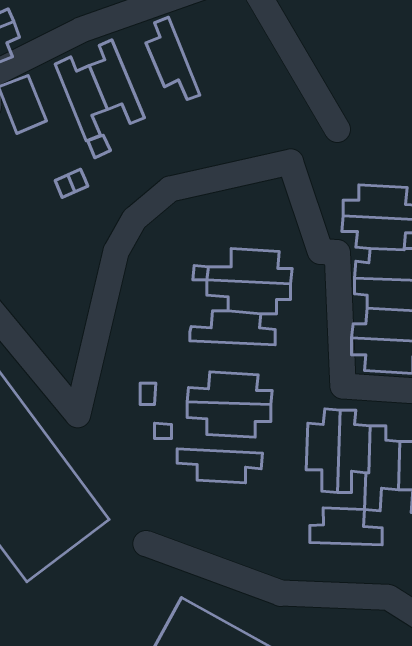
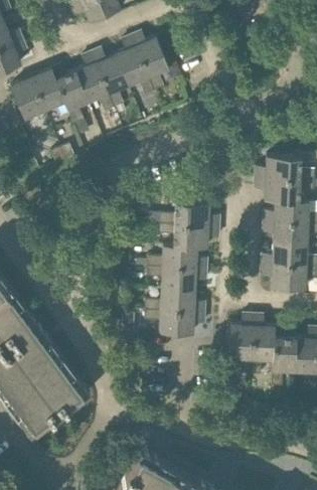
building: none -> [131,32,168,92]
building: none -> [91,48,128,108]
building: none -> [31,69,63,110]
building: [177,449,262,483] -> [146,266,206,290]
building: [310,508,382,545] -> none

